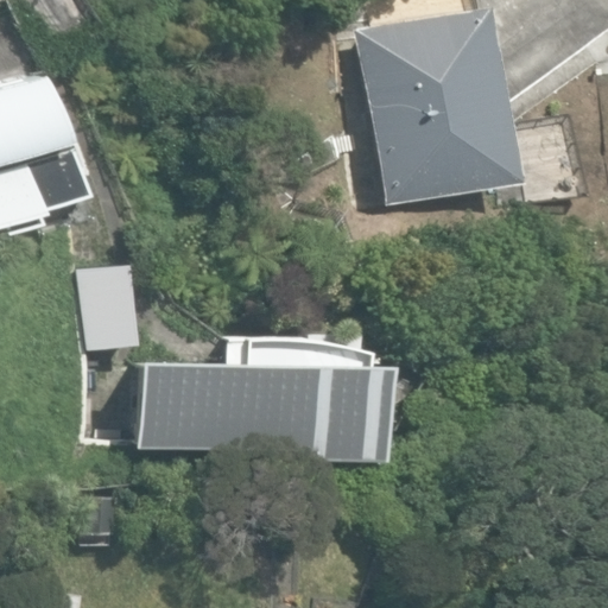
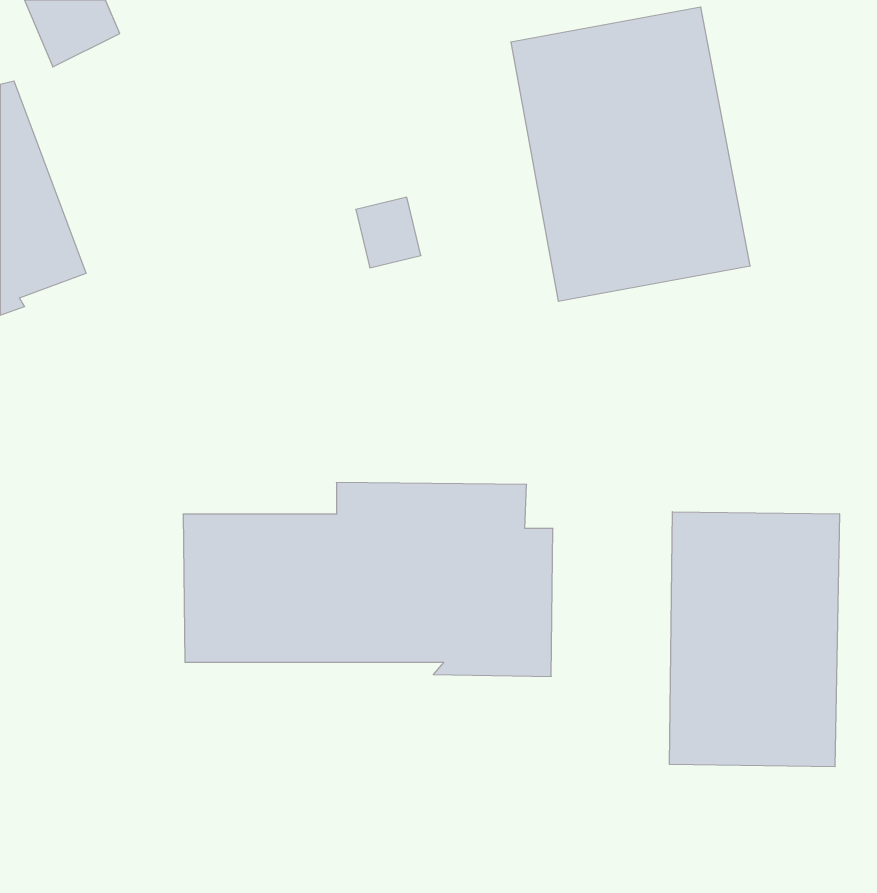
building: none -> [669,512,839,767]

